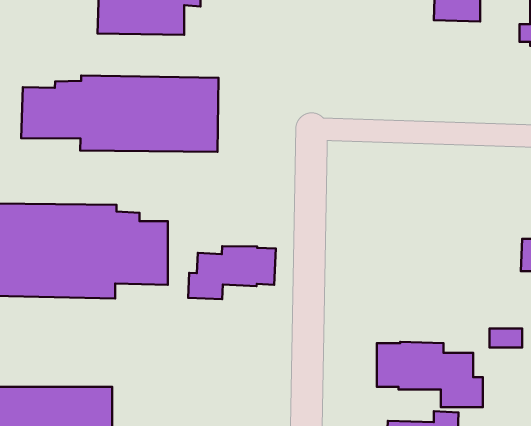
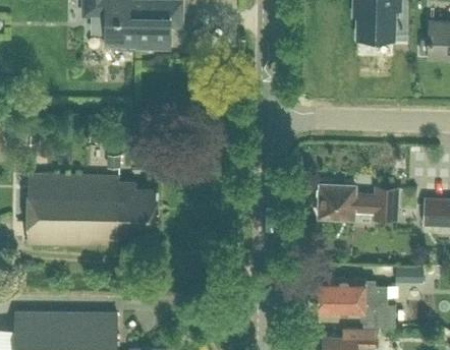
building: [21,76,219,152] -> none
building: none -> [318,184,399,220]
building: [188,246,276,299] -> none

